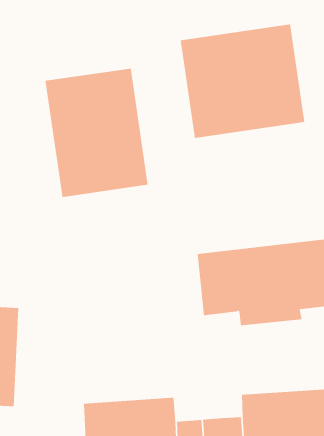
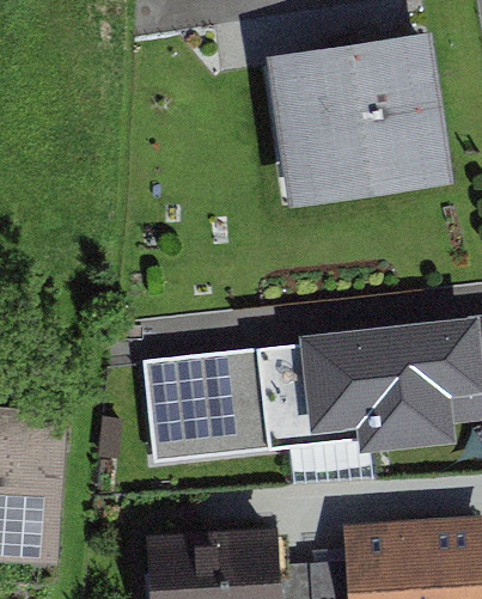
building: [45,68,148,198] -> none
building: none -> [142,342,358,460]

